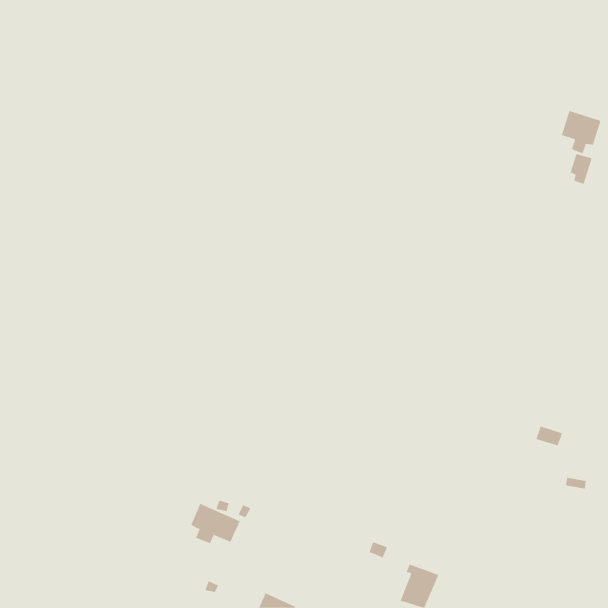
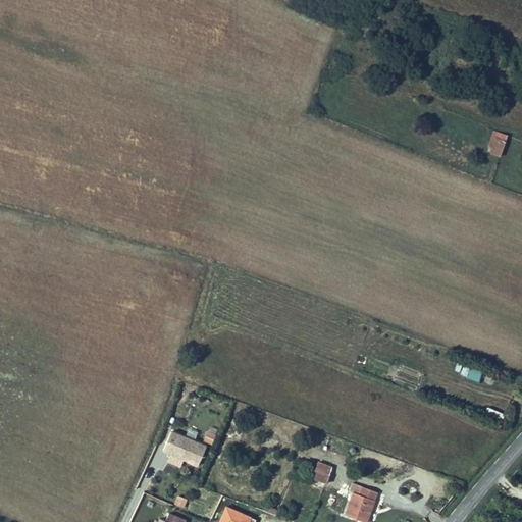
building: [561,110,601,154] -> none

